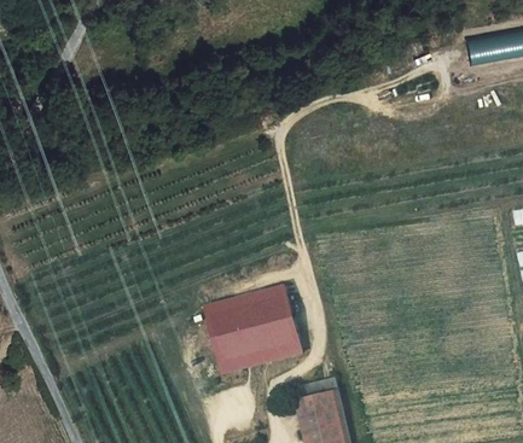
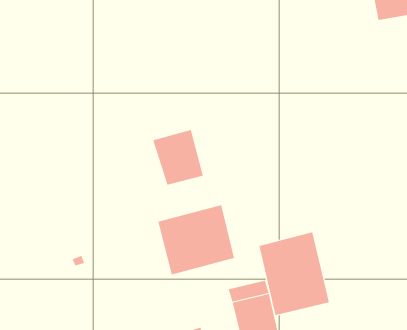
building: none -> [152,129,203,185]
building: none -> [259,232,329,316]

